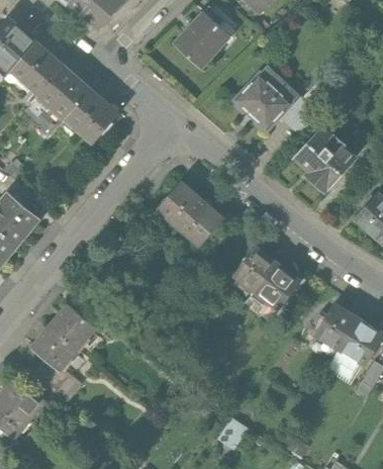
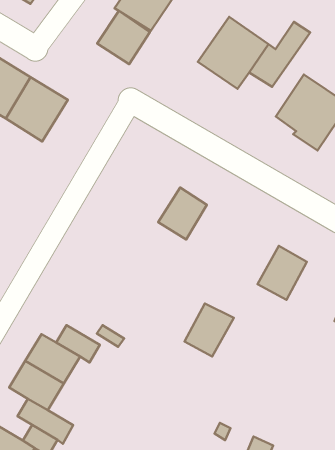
building: none -> [97,11,150,64]
building: [157,183,201,227] -> none
building: [231,248,276,293] -> [185,303,234,356]

